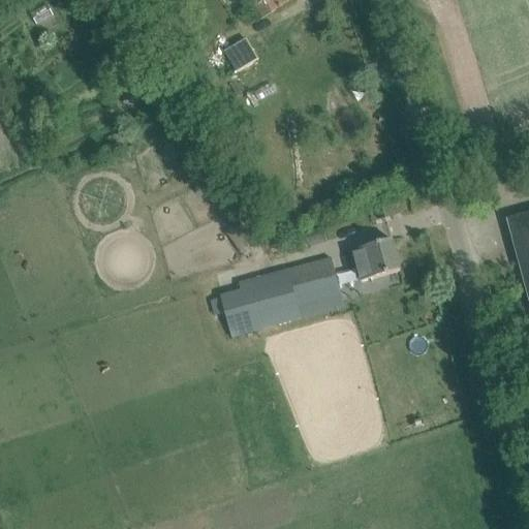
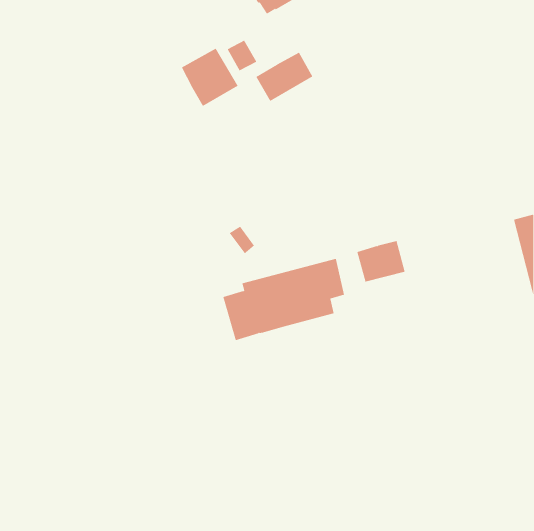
building: none -> [181,48,239,107]
building: none -> [255,52,313,102]

